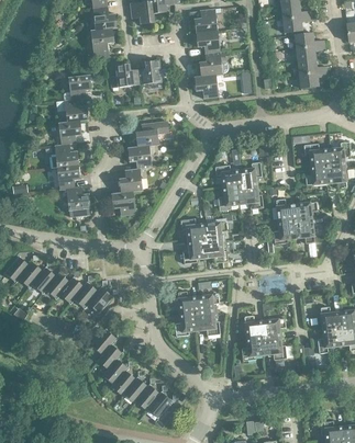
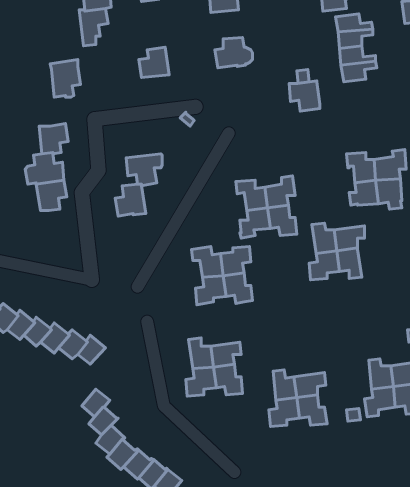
building: [195,30,220,53] -> none
building: [109,64,140,88] -> none
building: [193,73,218,98] -> [289,81,320,111]
building: [64,98,88,122] -> none
building: [135,121,168,146] -> none
building: [66,185,90,217] -> none
building: [111,191,136,215] -> none

